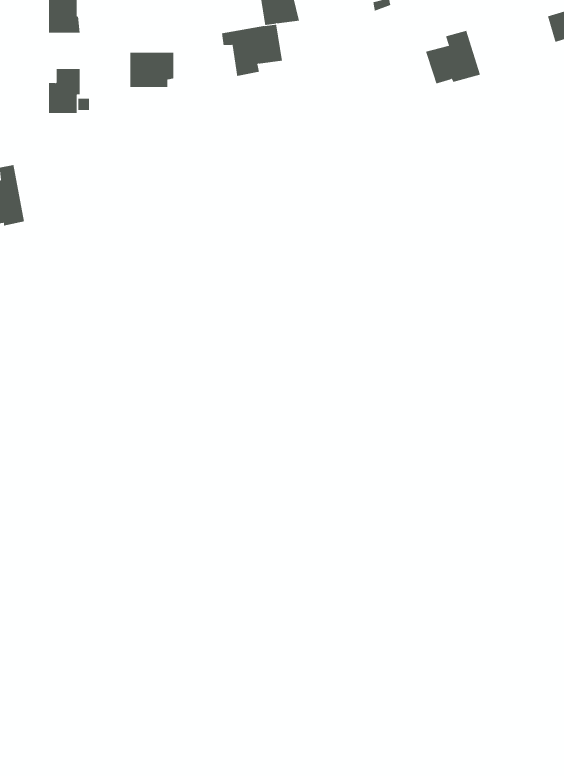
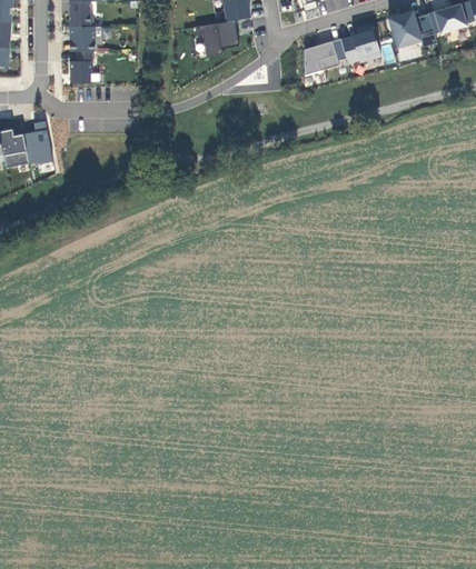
building: none -> [387,9,422,49]
building: none -> [304,39,346,77]
building: [129,52,174,88] -> [69,26,101,51]

